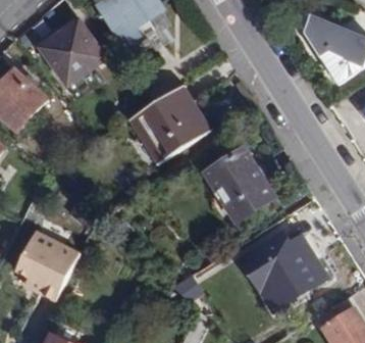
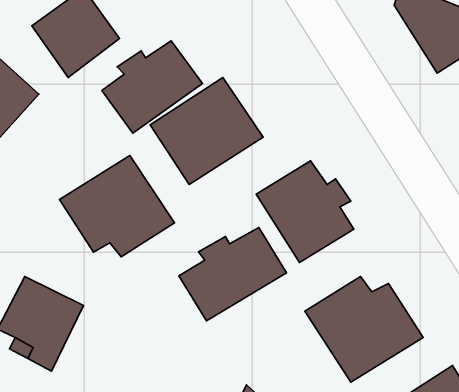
building: none -> [102,41,202,133]
building: none -> [60,155,174,257]
building: none -> [179,228,287,321]

